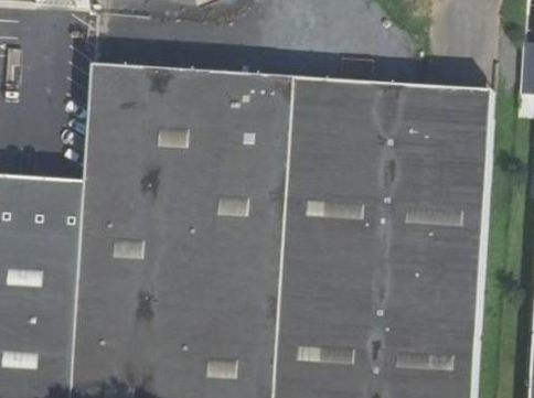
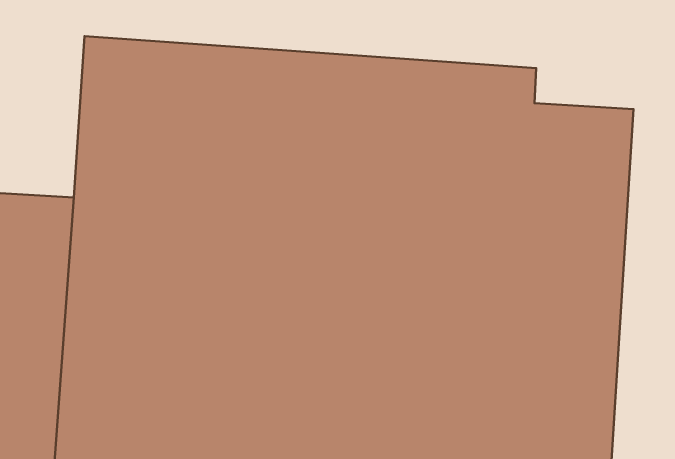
building: [417,88,490,118] -> none

